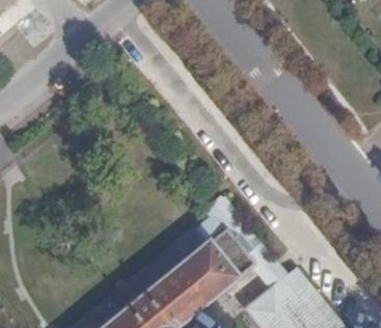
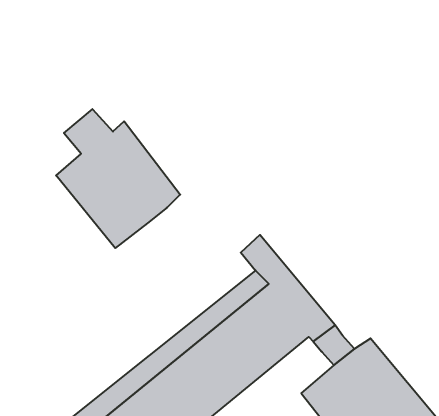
building: none -> [56,109,180,248]

